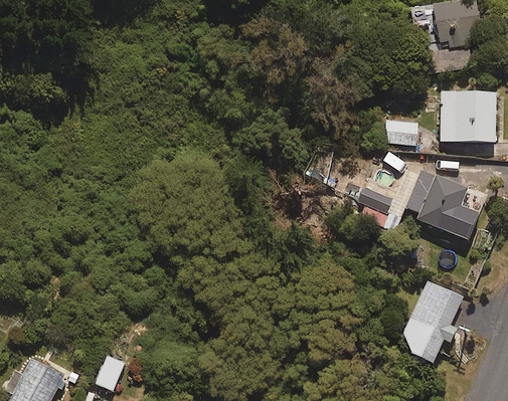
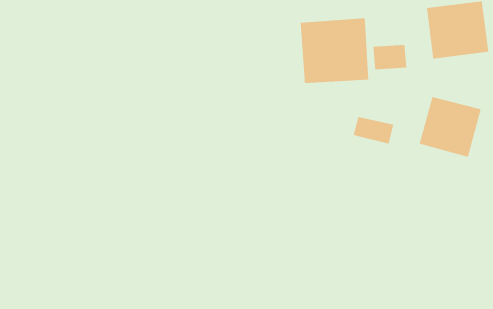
building: none -> [300,17,369,84]
building: [401,281,467,371] -> none

